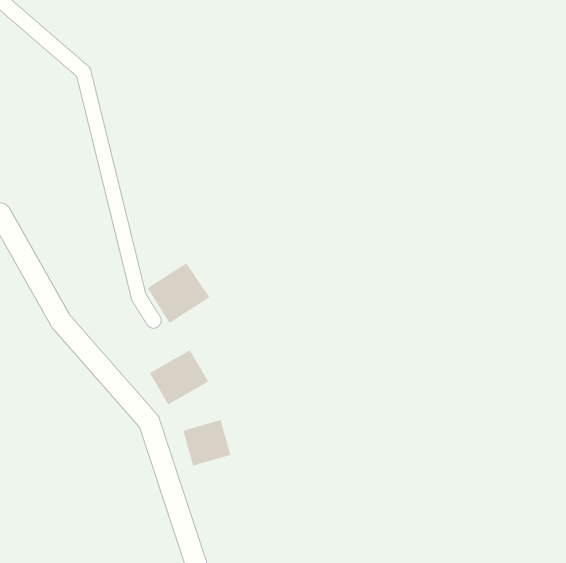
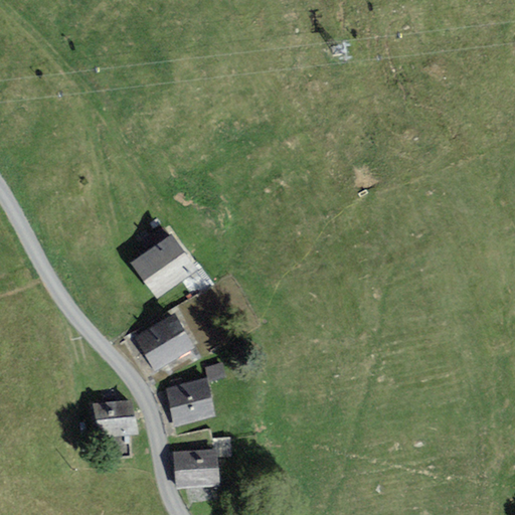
building: none -> [96,400,132,433]
building: none -> [177,451,214,483]

